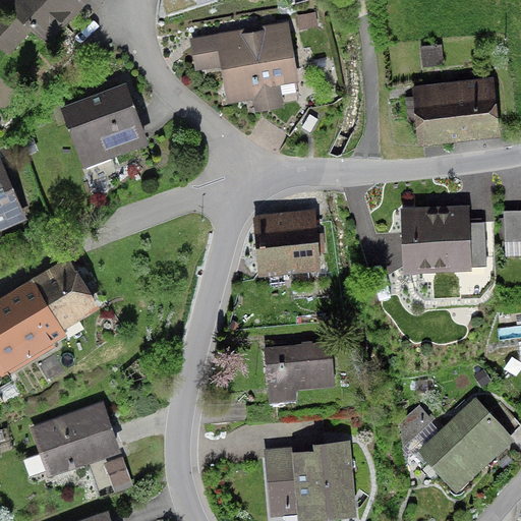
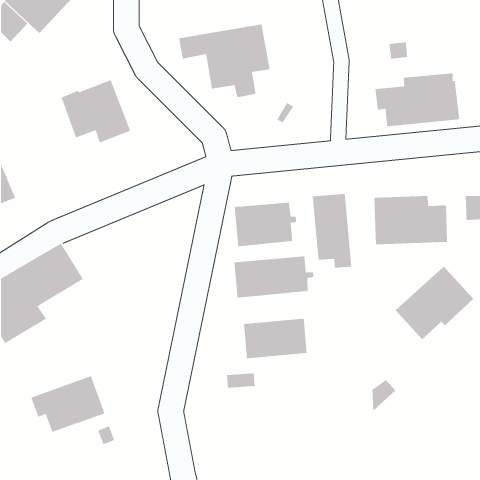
building: none -> [312,193,352,269]
building: none -> [233,256,314,299]
building: [422,400,508,480] -> [395,266,474,340]
building: [268,444,351,514] -> none

